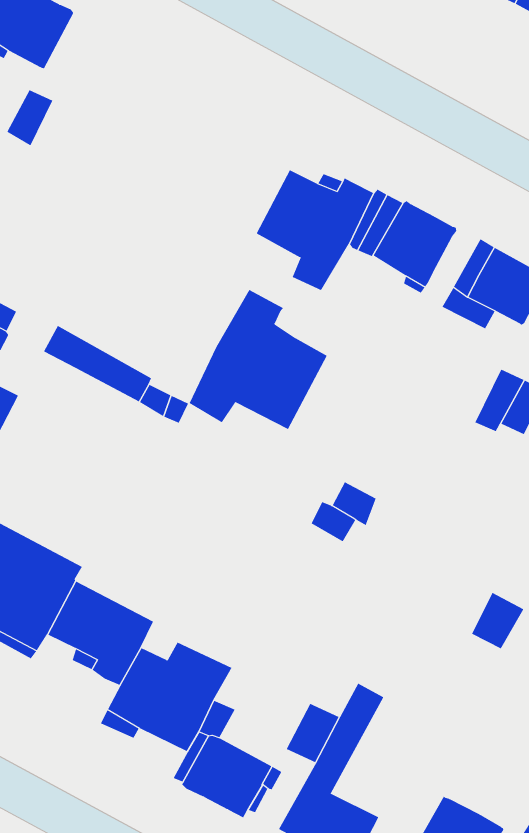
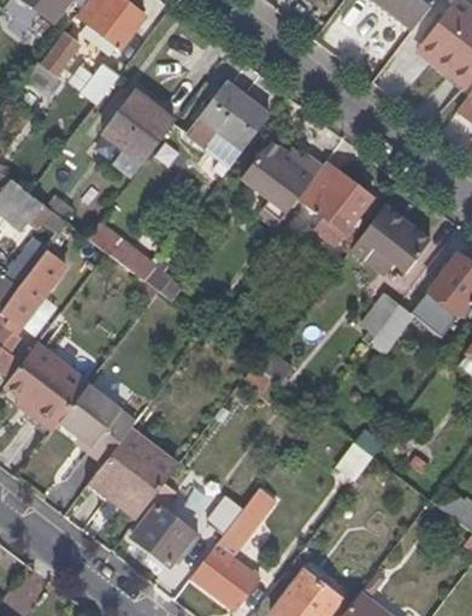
building: none -> [187,84,270,167]
building: none -> [102,91,175,162]
building: [189,289,328,430] -> none

